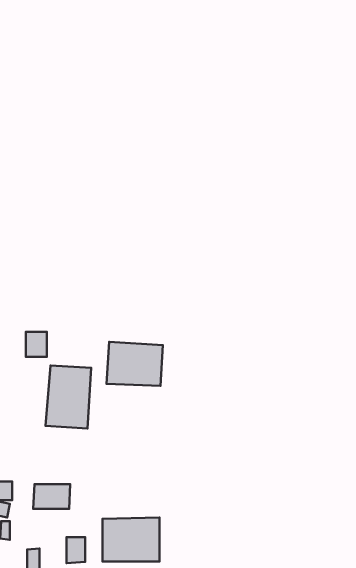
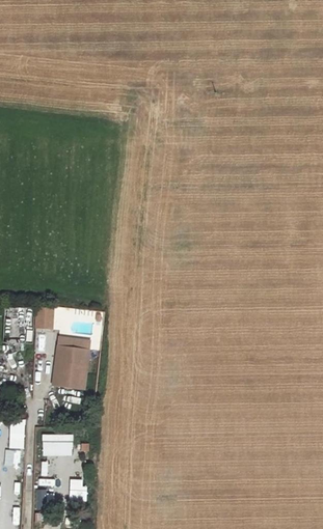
building: [107,342,163,386] -> none
building: [102,518,160,561] -> none

